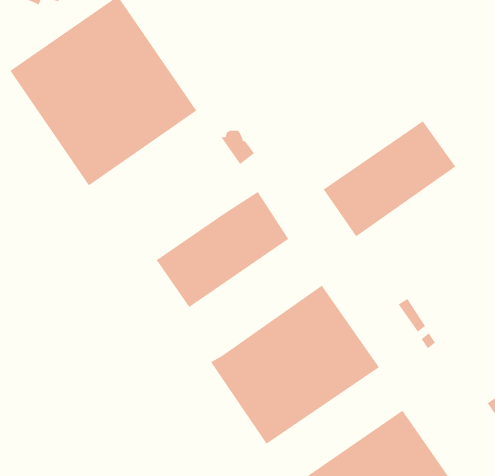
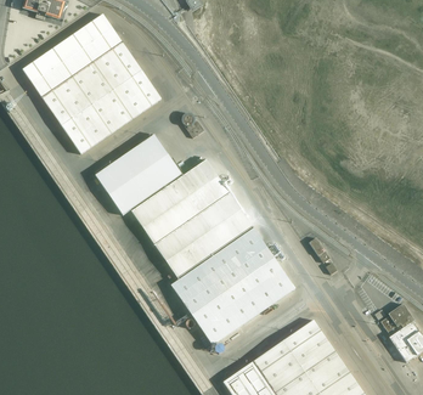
building: [323,120,456,237] -> [154,193,253,280]
building: none -> [95,134,181,215]

